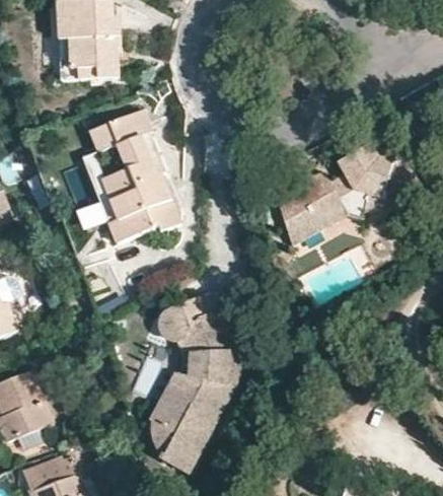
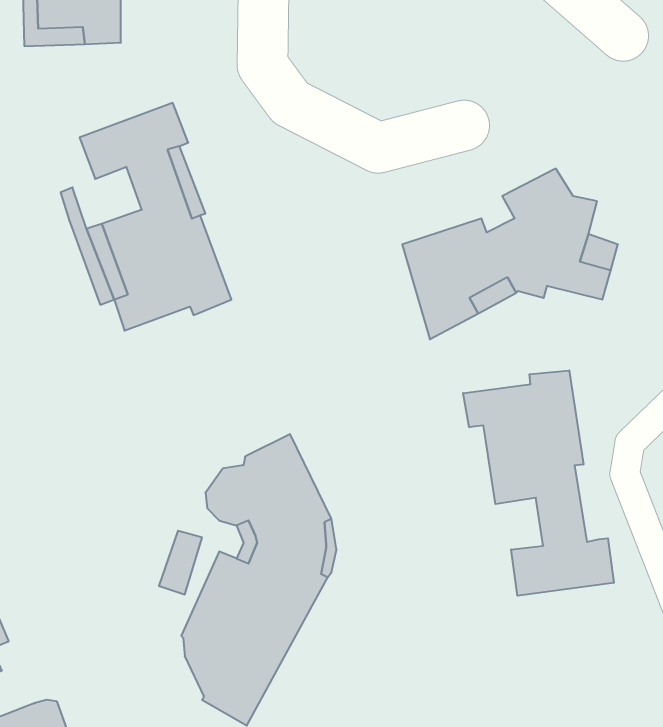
building: none -> [463,370,614,596]

